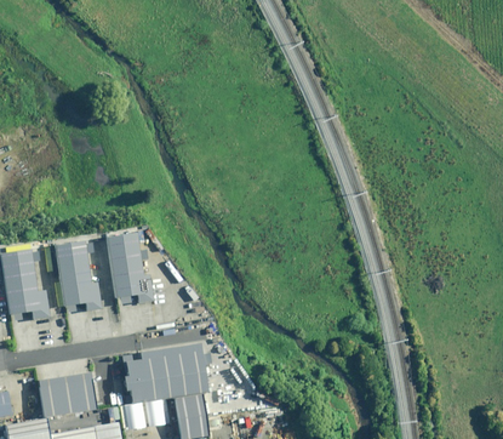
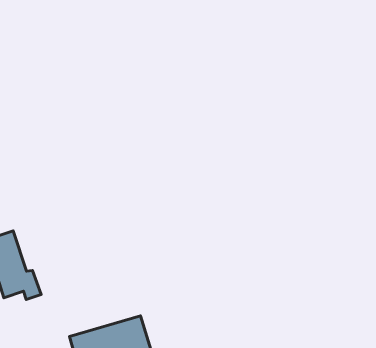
building: [104,233,152,304] -> none

